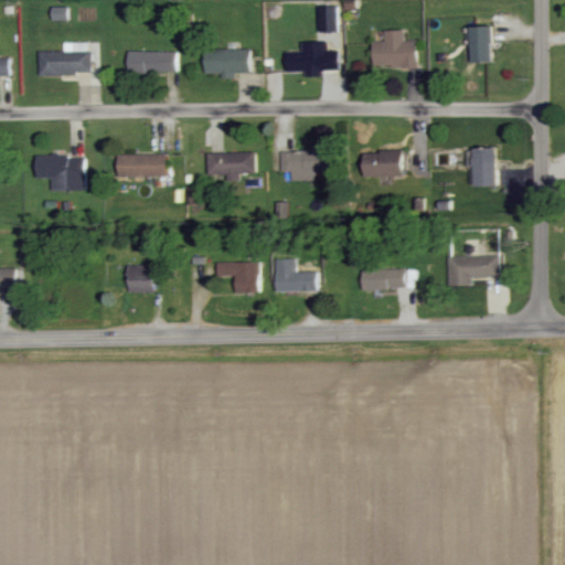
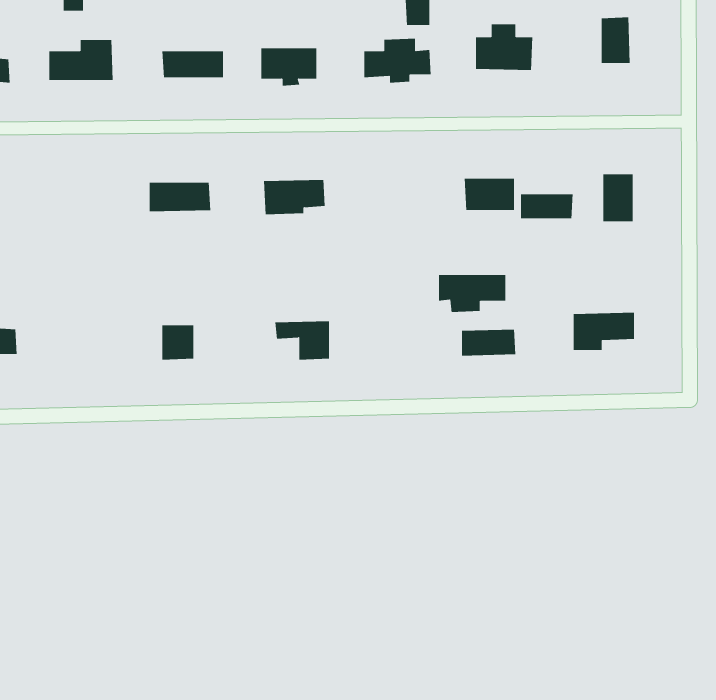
building: [280,151,333,181] -> [438,274,506,313]
building: [35,156,84,191] -> none
building: none -> [520,193,573,219]
building: [274,259,316,292] -> none

